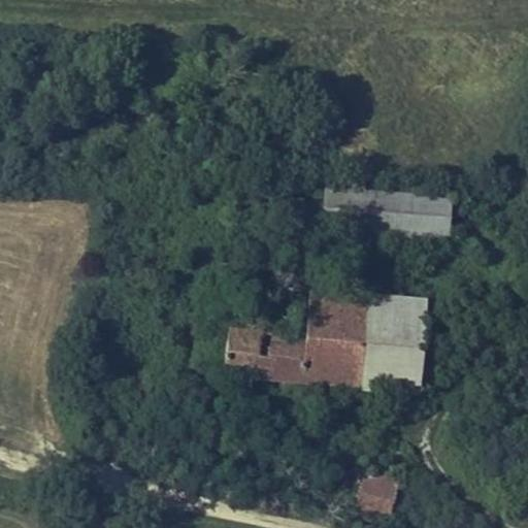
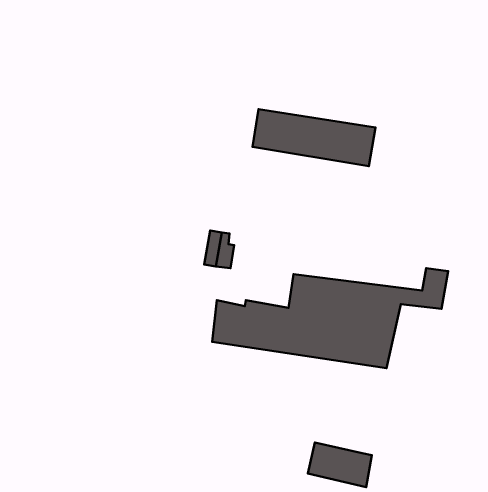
building: [335,183,466,243] -> [253,109,376,166]

